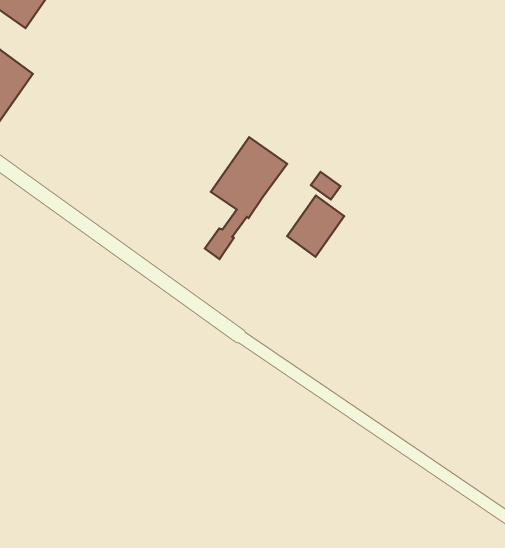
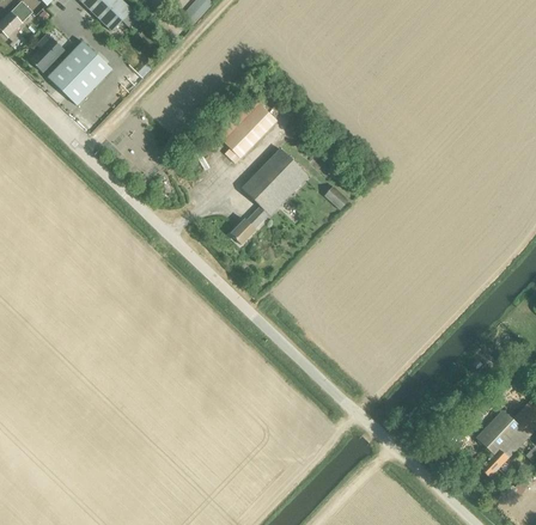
building: none -> [214,94,276,163]
building: [287,196,344,257] -> none

